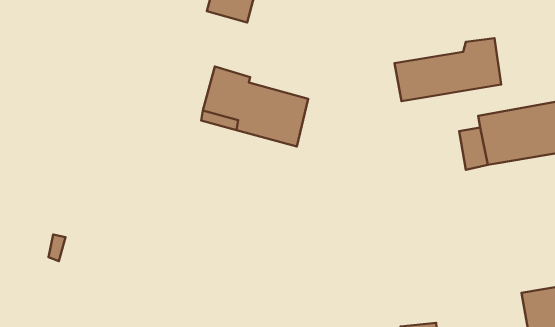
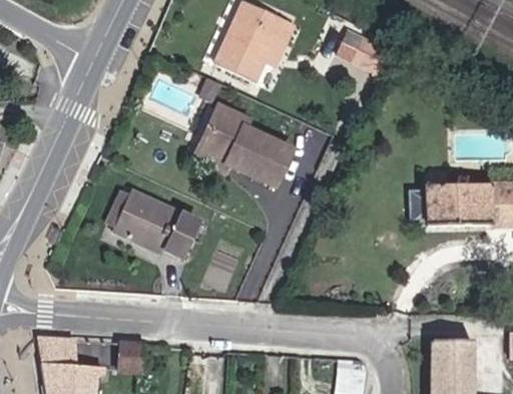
building: [395,38,501,101] -> none
building: none -> [110,188,195,257]

